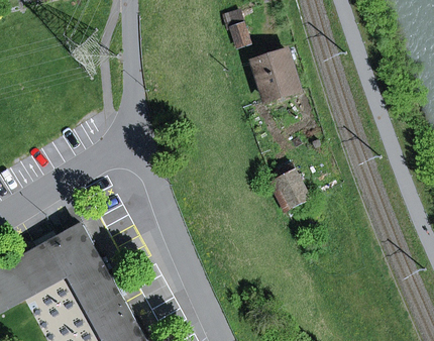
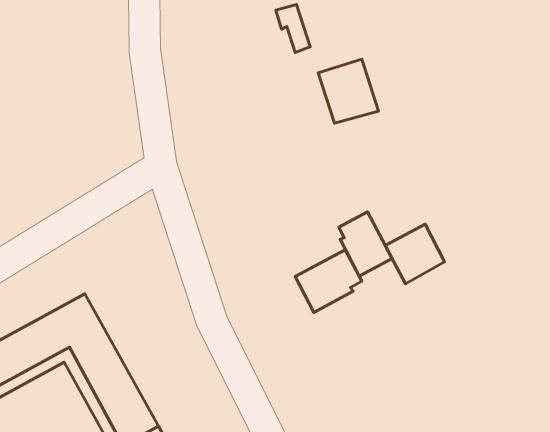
building: none -> [385,224,445,284]
building: none -> [295,250,362,313]

